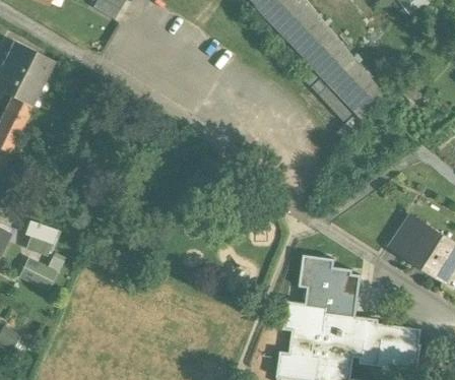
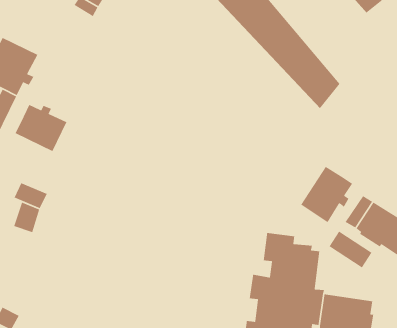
building: none -> [15,104,68,152]
building: none -> [300,166,353,223]
building: none -> [328,230,372,269]
building: [19,259,57,289] -> [13,182,48,209]

